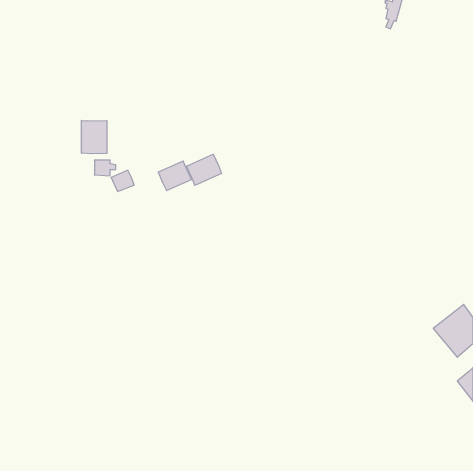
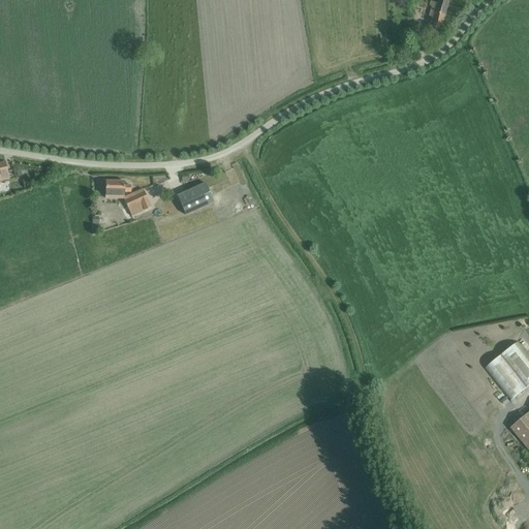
building: [82,120,107,154] -> none
building: [186,154,222,185] -> none

